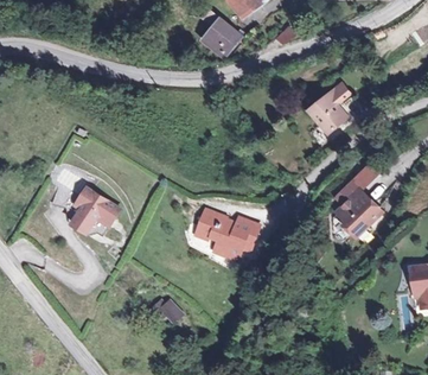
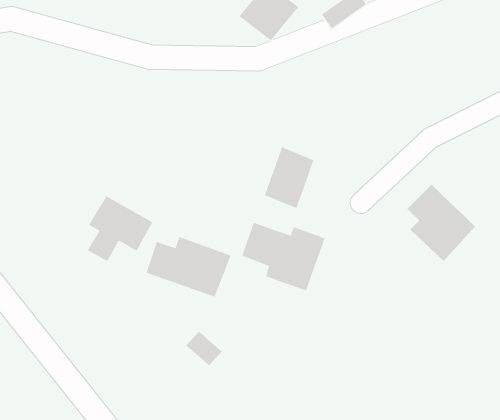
building: [302,80,353,144] -> none
building: none -> [264,147,314,209]
building: none -> [146,236,231,298]

